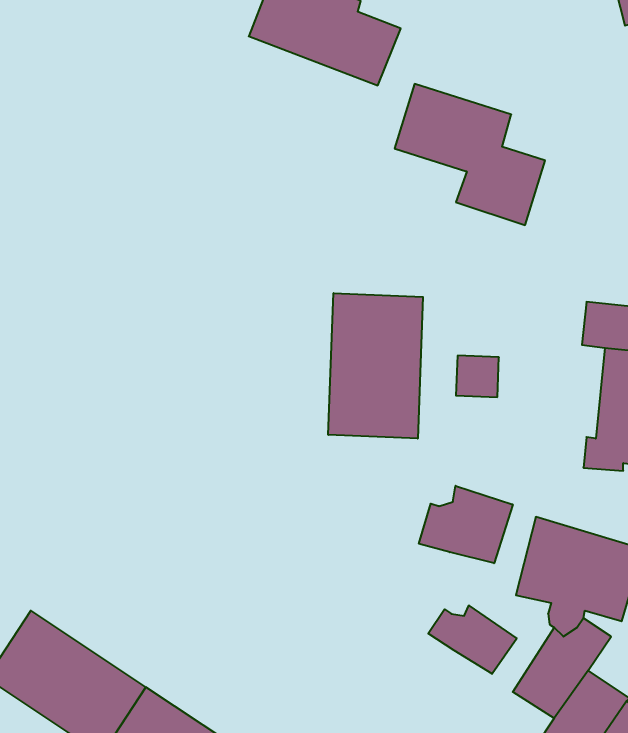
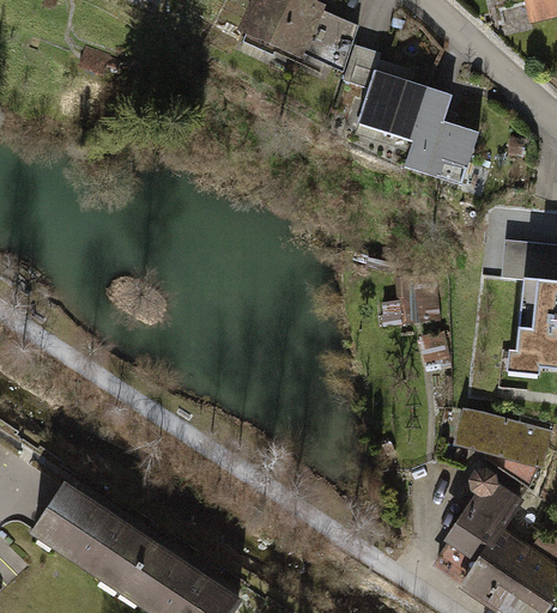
building: [328,293,423,439] -> none
building: [419,486,513,563] -> none
building: [428,605,517,674] -> none

